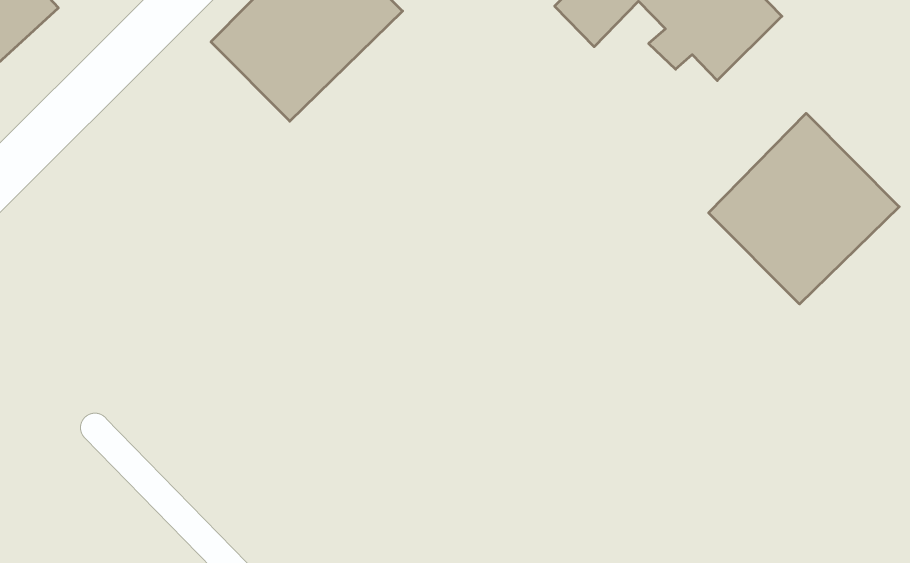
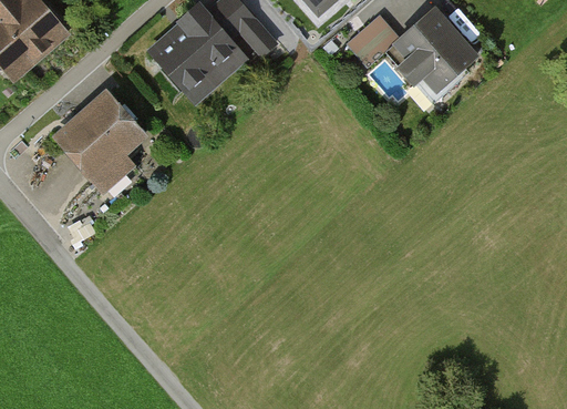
building: none -> [54,89,147,192]
building: [709,113,899,304] -> none

